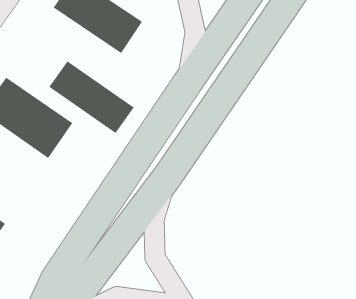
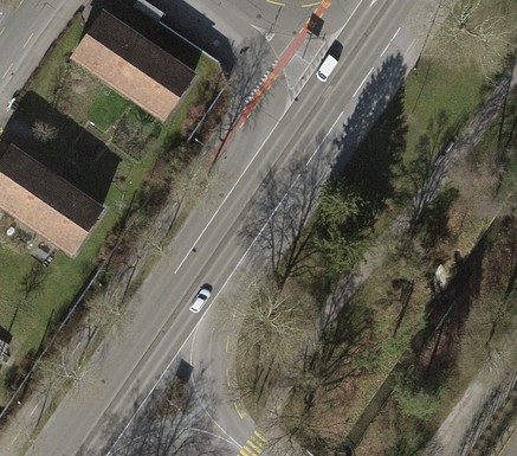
building: [48,60,134,134] -> none

